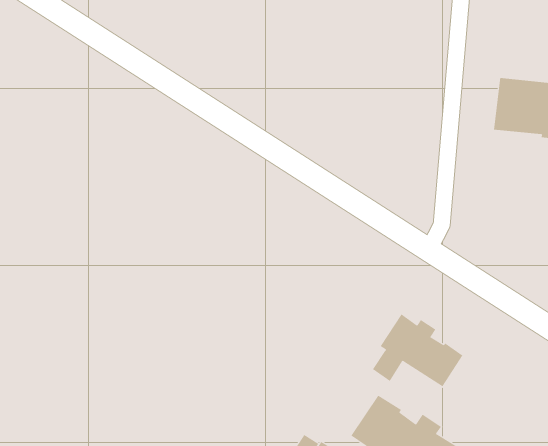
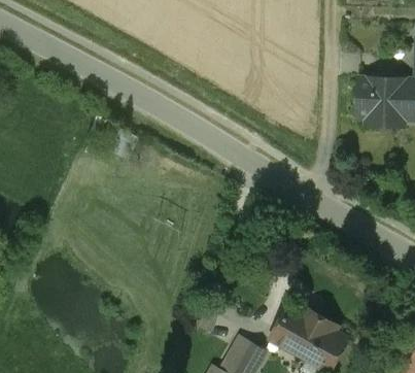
building: [372,314,463,387] -> none

